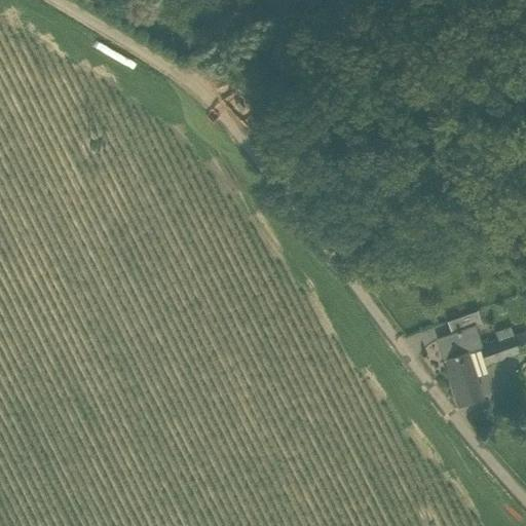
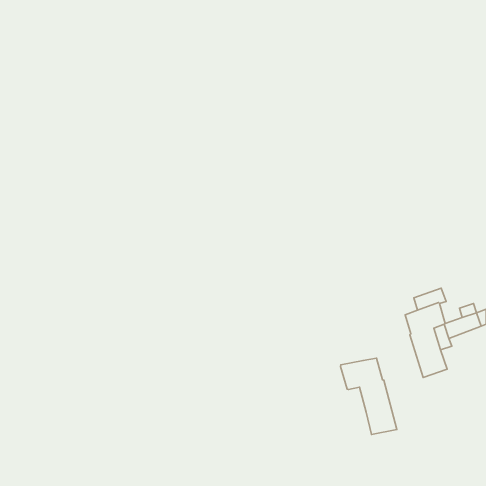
building: none -> [341,358,397,435]

